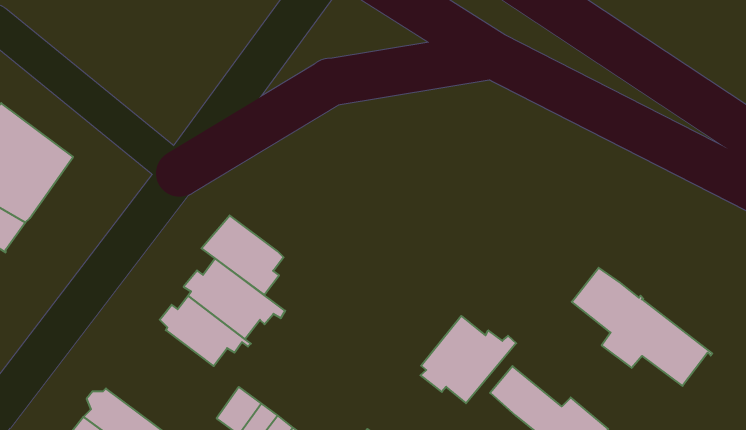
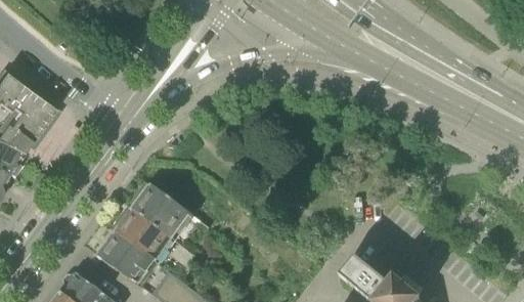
building: [201,215,284,295] -> [98,232,155,287]
building: [572,268,712,386] -> none
building: [420,316,516,403] -> none

